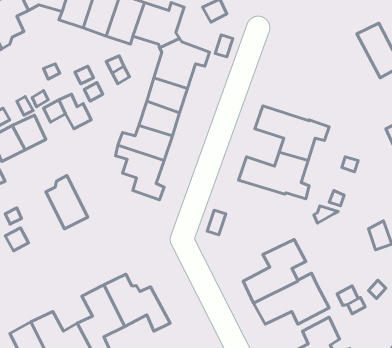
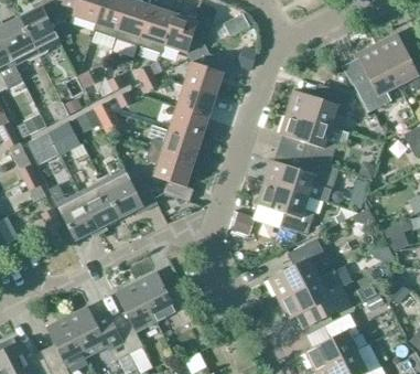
building: none -> [356,43,398,111]
building: none -> [287,86,352,126]
building: none -> [100,171,158,217]
building: none -> [257,182,314,234]
building: none -> [49,185,98,241]

